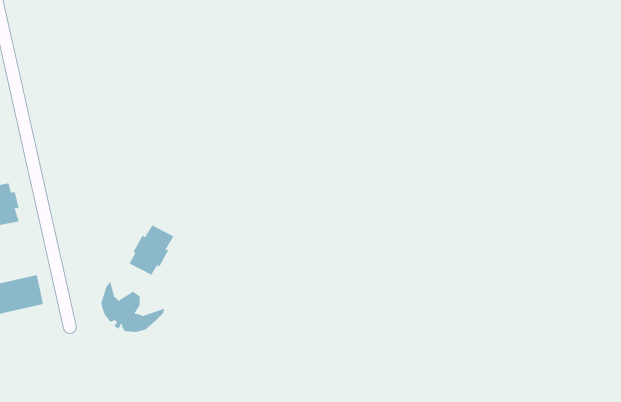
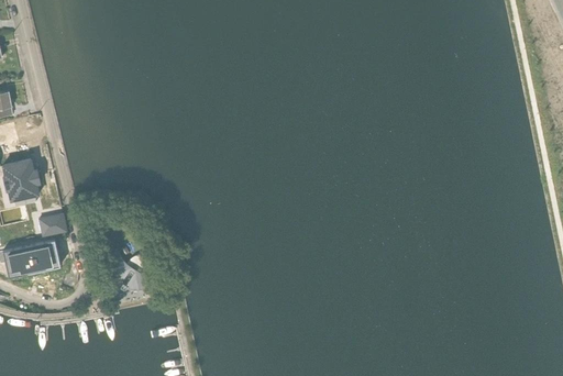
building: [129,225,174,275] -> none
building: none -> [38,212,65,236]

